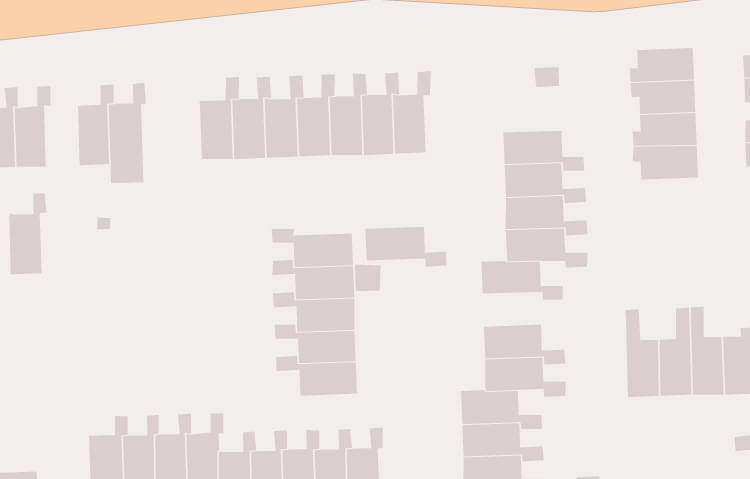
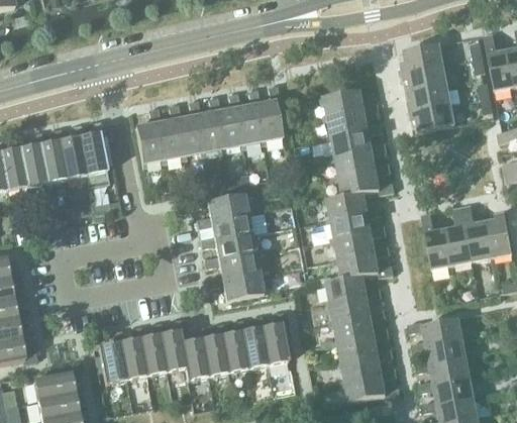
building: none -> [323,89,379,115]
building: [8,193,47,275] -> [38,127,66,182]
building: [365,227,448,267] -> [330,211,386,238]

